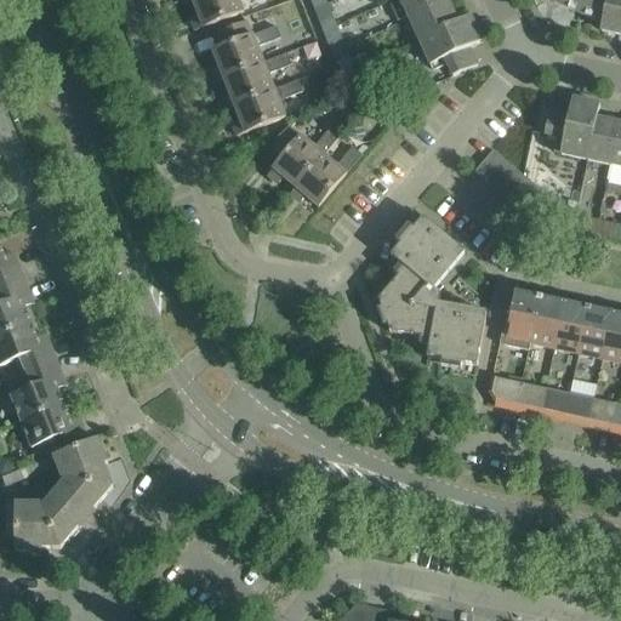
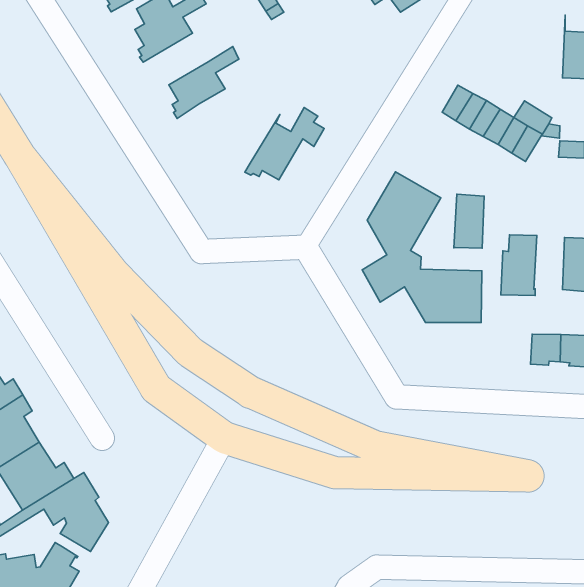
building: [215,51,291,103] -> none
building: [545,95,599,156] -> none
building: [267,125,340,184] -> none
building: [529,294,564,346] -> [454,194,484,248]
building: [489,374,520,408] -> none

